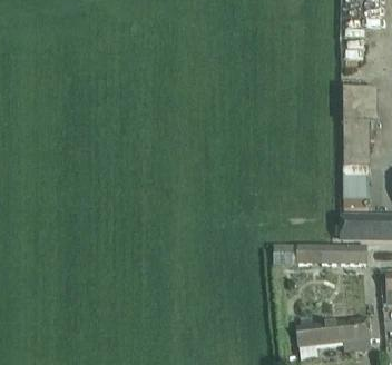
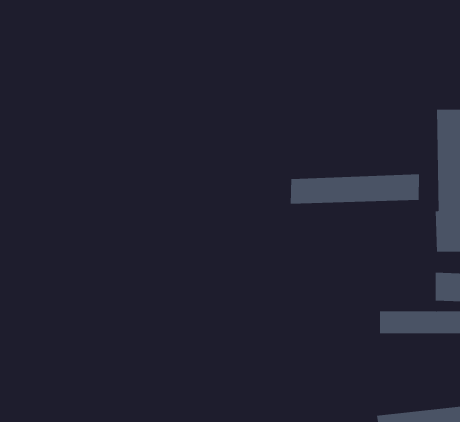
building: none -> [290,173,419,204]

